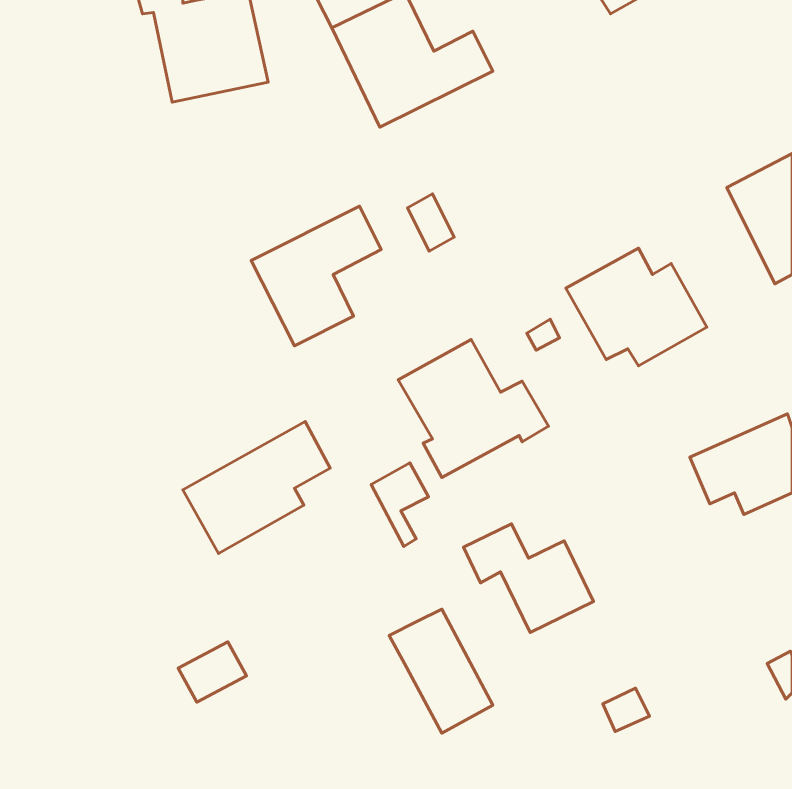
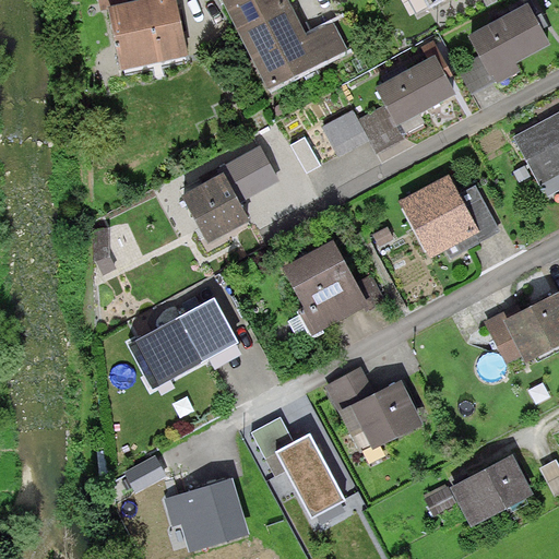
building: none -> [456,4,548,97]
building: none -> [318,44,455,155]
building: [371,463,429,546] -> [253,414,294,473]
building: none -> [453,457,533,527]
building: none -> [171,478,250,551]

